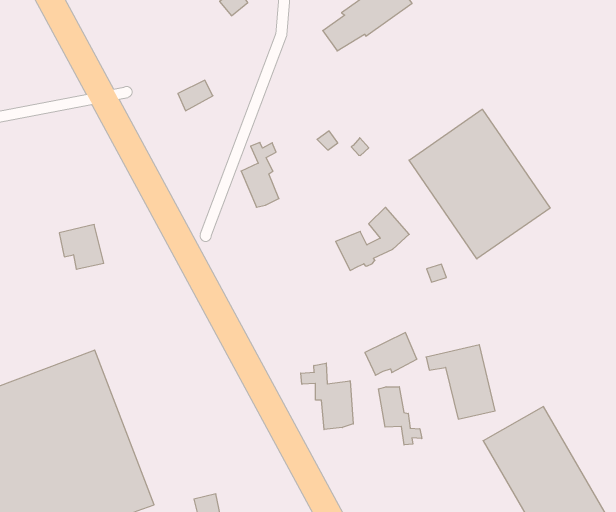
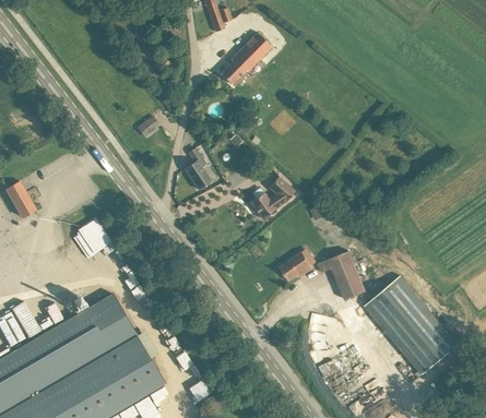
building: [409,109,550,259] -> none
building: [301,363,353,430] -> none
building: [378,387,422,445] -> none

